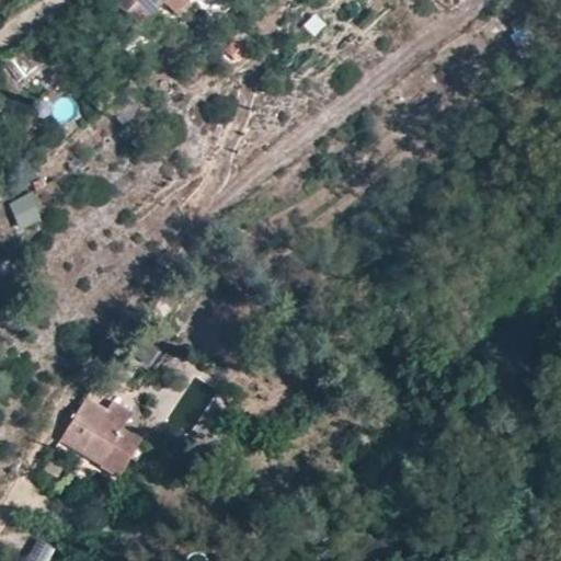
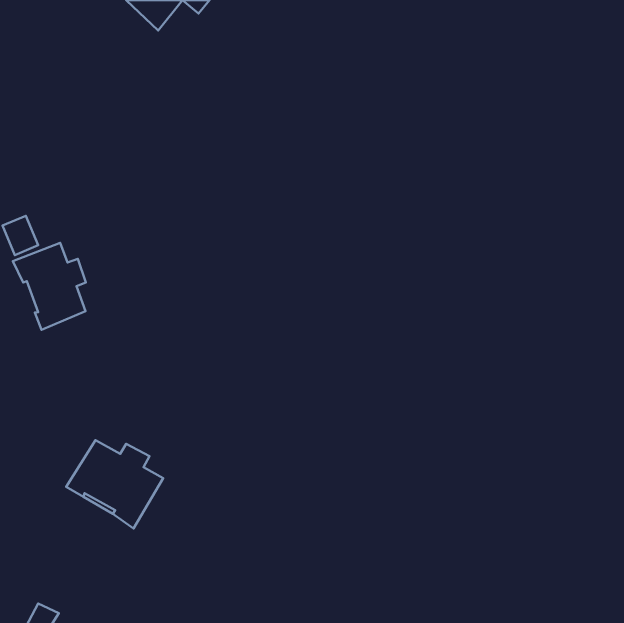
building: none -> [13,243,86,330]

